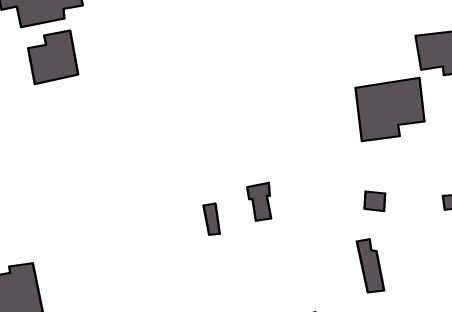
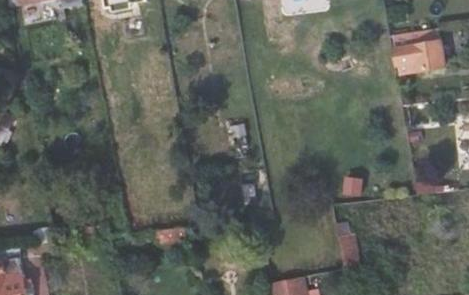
building: [28,30,78,84] -> none
building: [356,78,424,141] -> none

